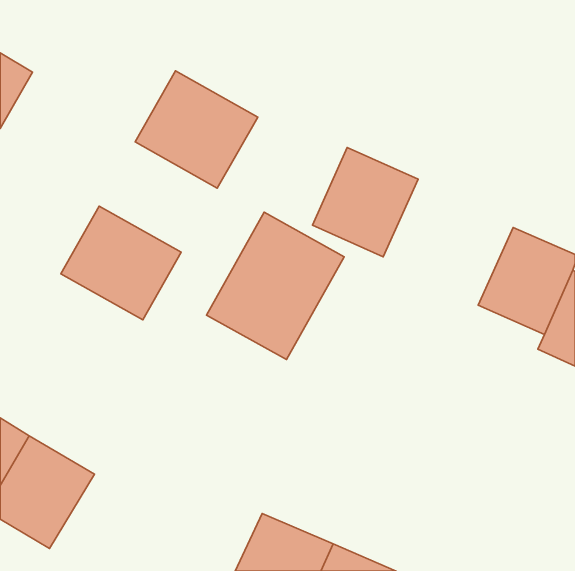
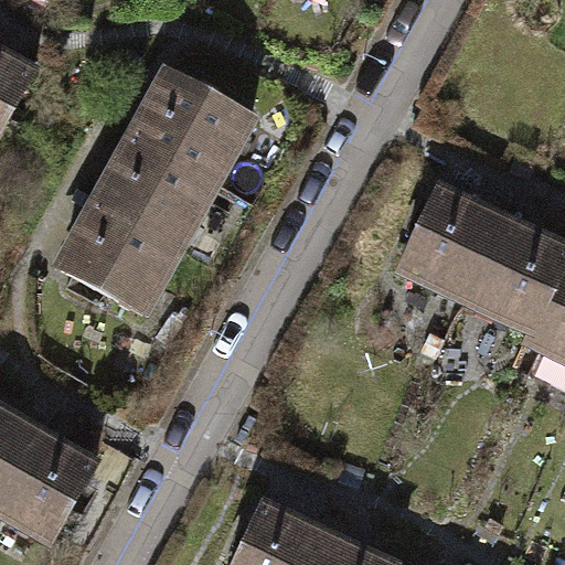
building: none -> [97,139,213,247]
building: [312,147,418,257] -> [399,192,503,299]
building: [206,212,344,360] -> none

